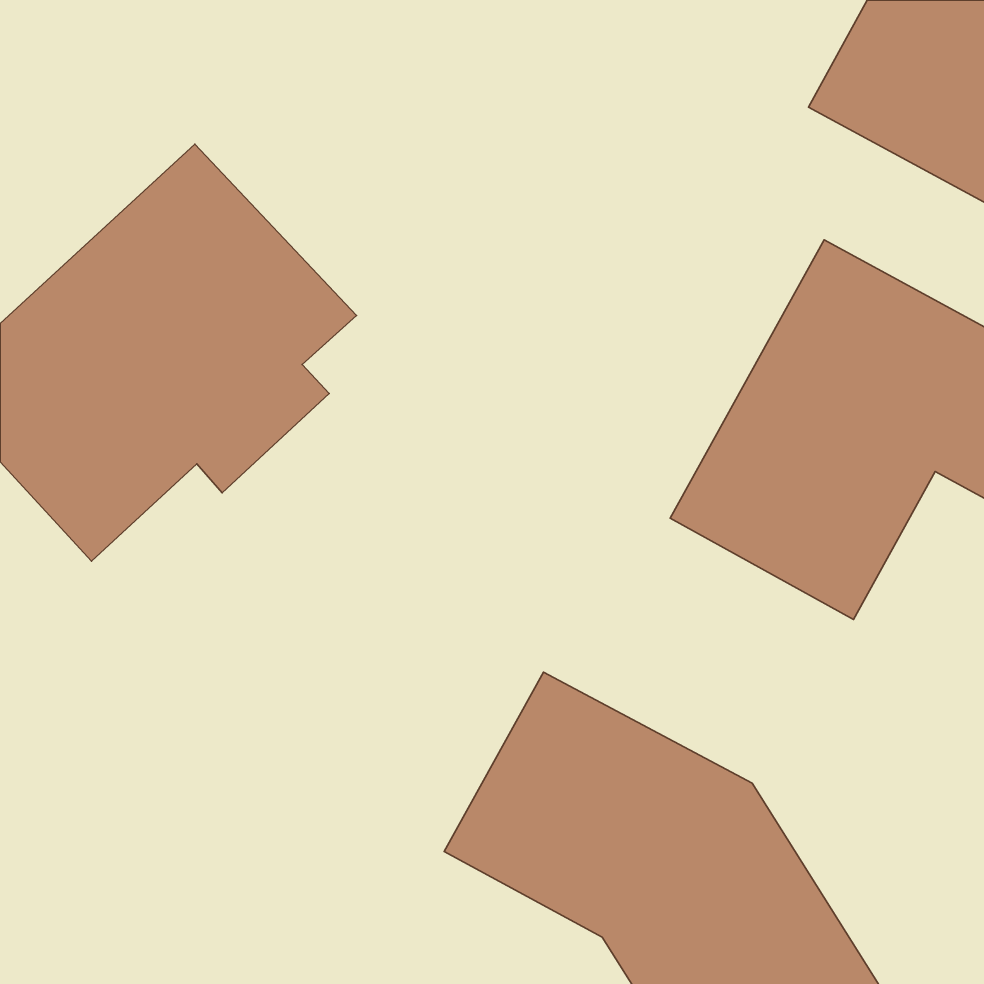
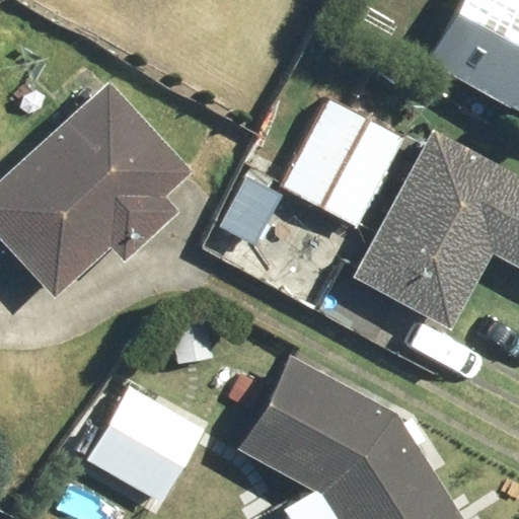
building: none -> [285,102,403,228]
building: none -> [89,388,204,504]

